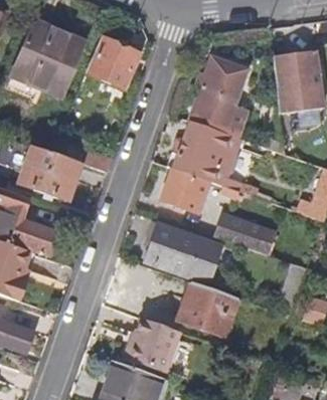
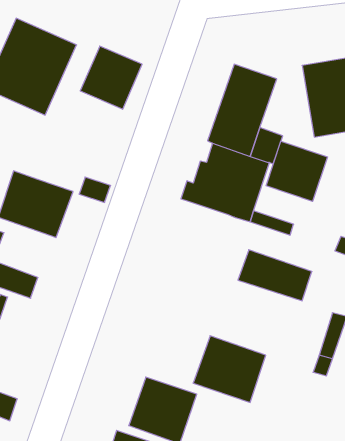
building: none -> [266,141,327,201]
building: [165,170,213,213] -> none
building: [148,222,223,284] -> none

